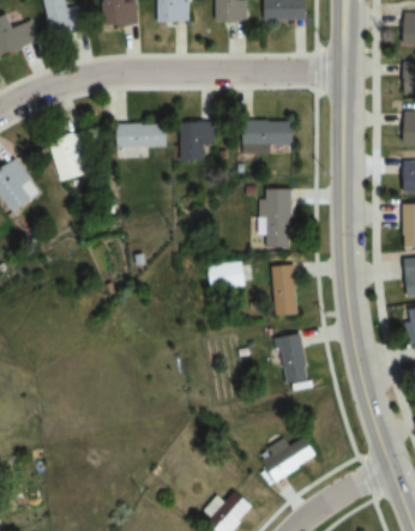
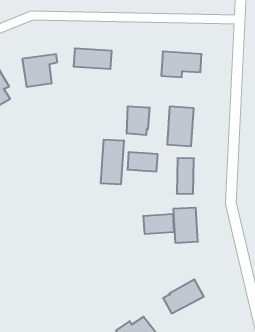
building: [180,123,210,161] -> none
building: none -> [127,106,150,135]
building: none -> [101,140,124,184]
building: none -> [144,214,174,234]

